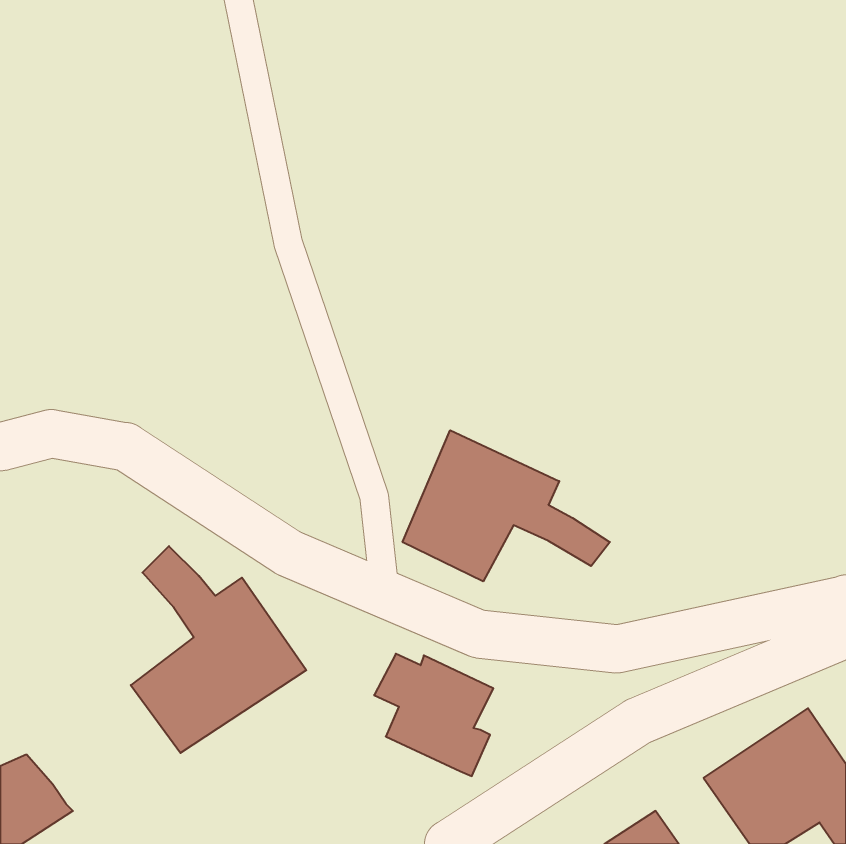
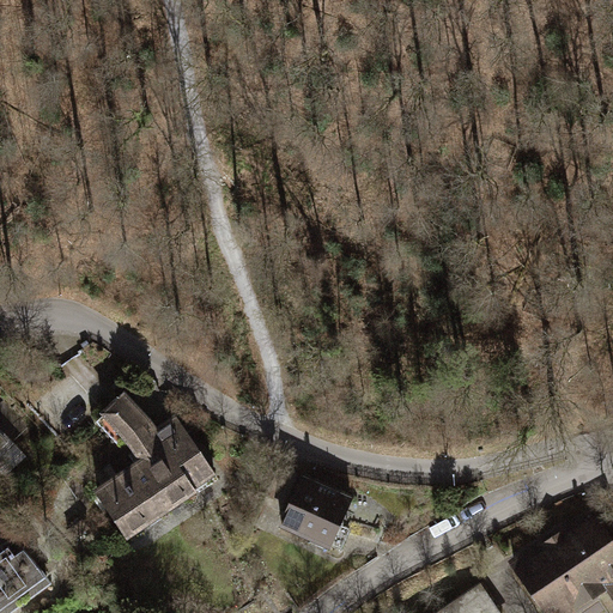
building: [403,430,610,581] -> none

